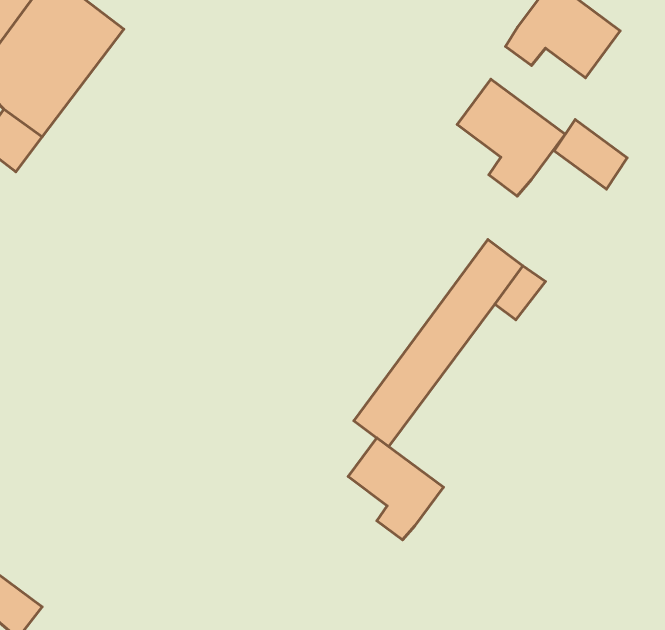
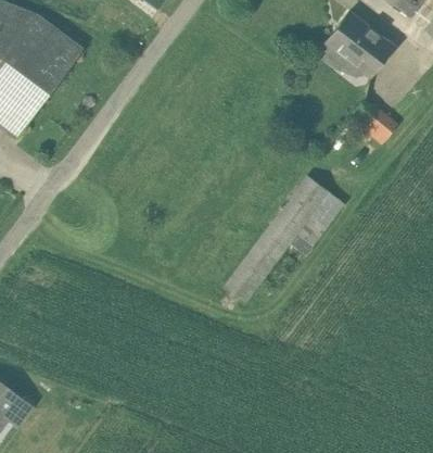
building: [457,79,565,196] -> none
building: [348,438,443,540] -> none

